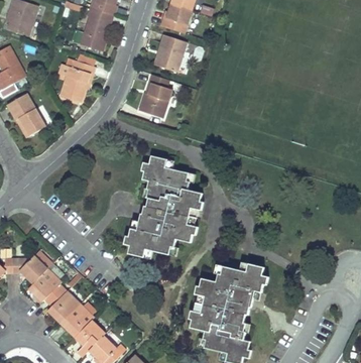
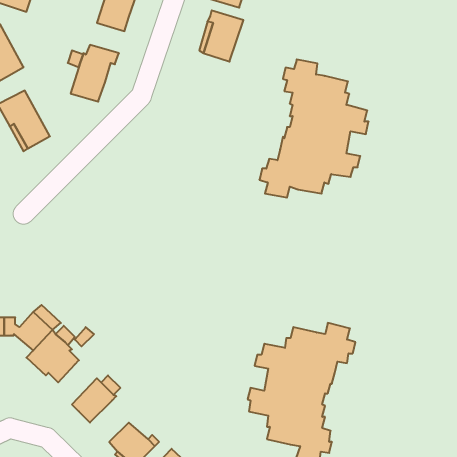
building: [139,75,171,118] -> none
building: [124,156,204,257] -> [259,59,369,198]
building: [47,290,80,323] -> none
building: [75,320,105,356] -> none

